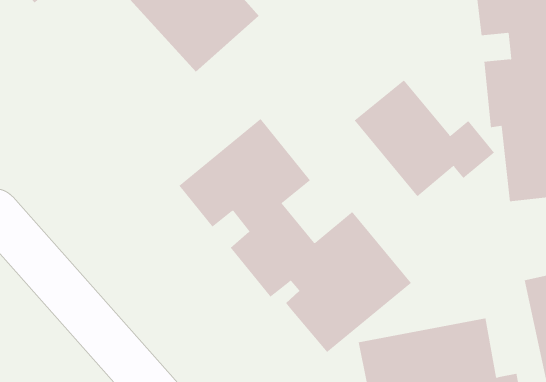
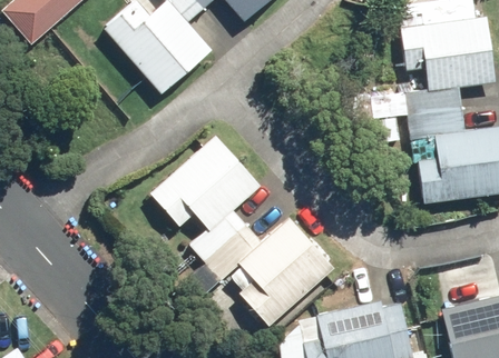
building: [354,79,495,197] -> none

